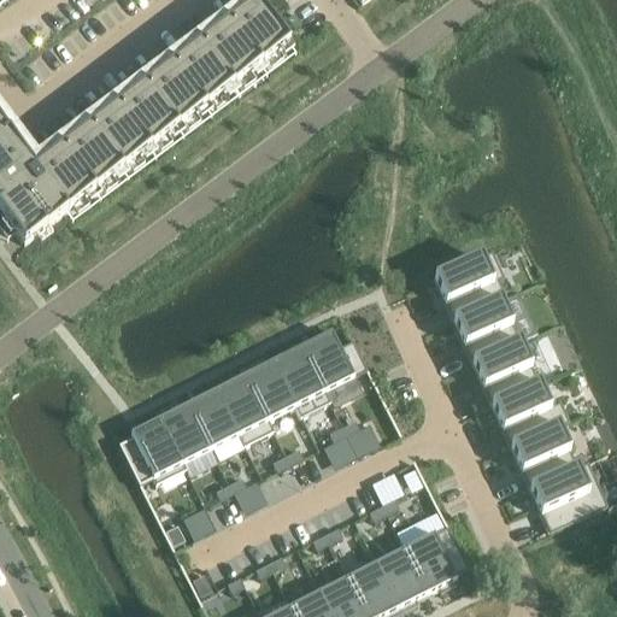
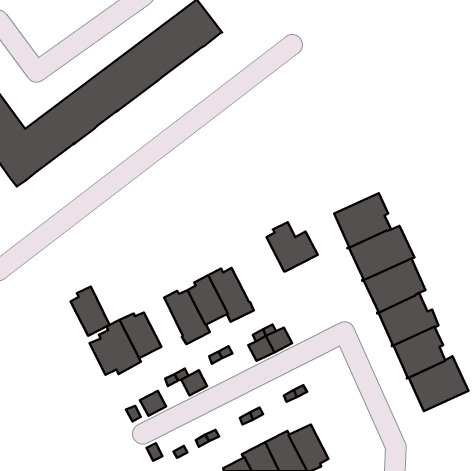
building: [299,327,365,390] -> [266,222,318,272]
building: [186,384,236,448] -> [70,287,110,336]
building: [393,511,468,593] -> none

